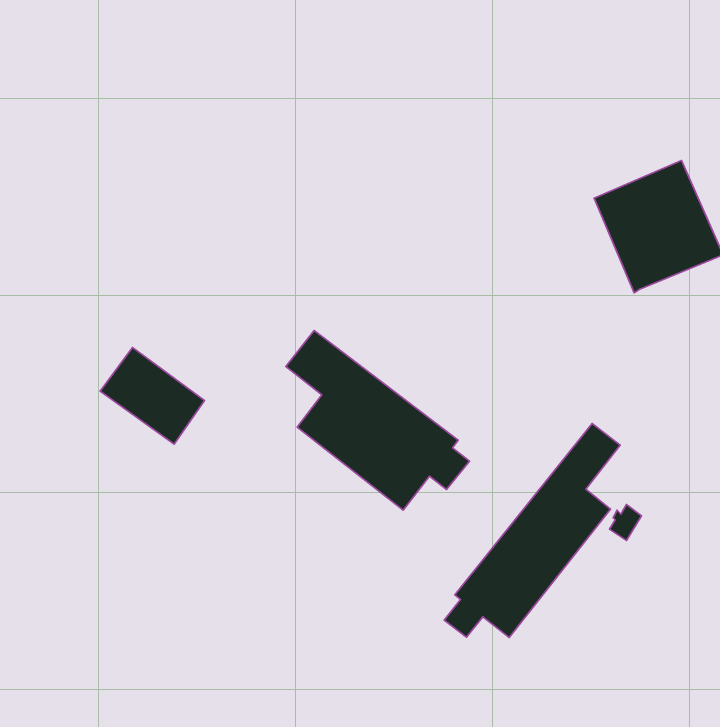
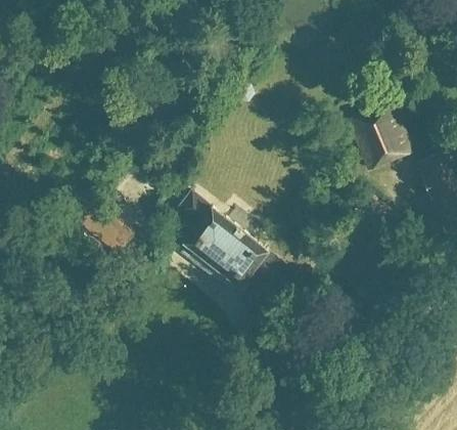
building: [444,423,620,638] -> none

